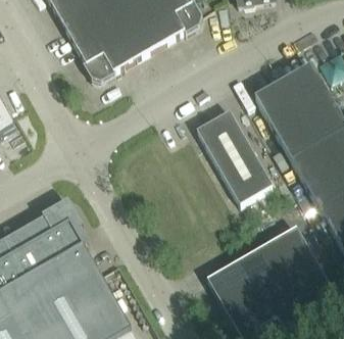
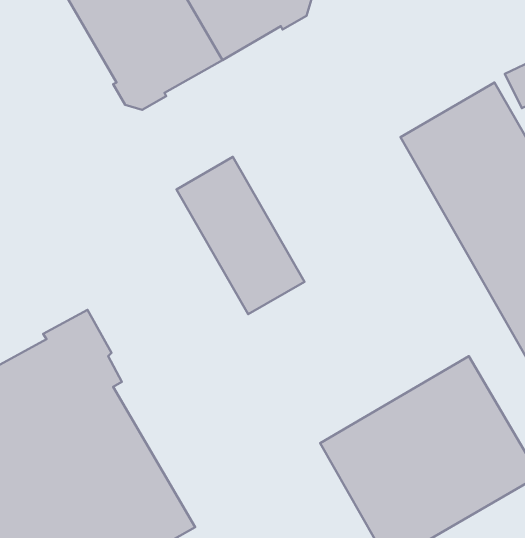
building: [196,108,273,202] -> [176,157,305,314]

